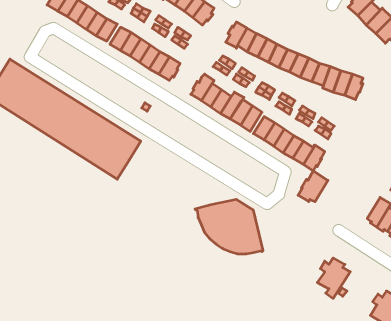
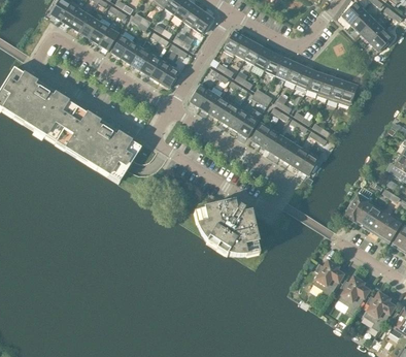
building: [298,171,328,202] -> [344,192,373,222]
building: none -> [338,275,369,315]

